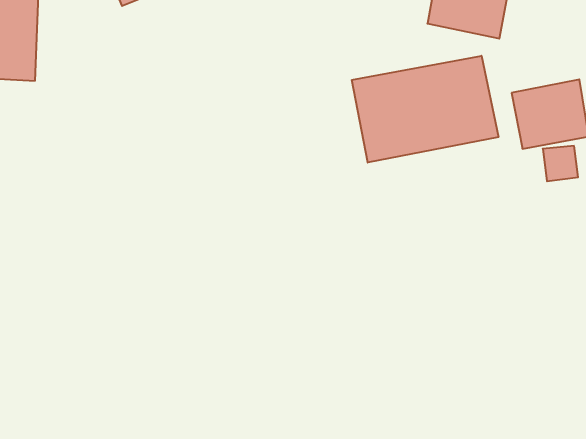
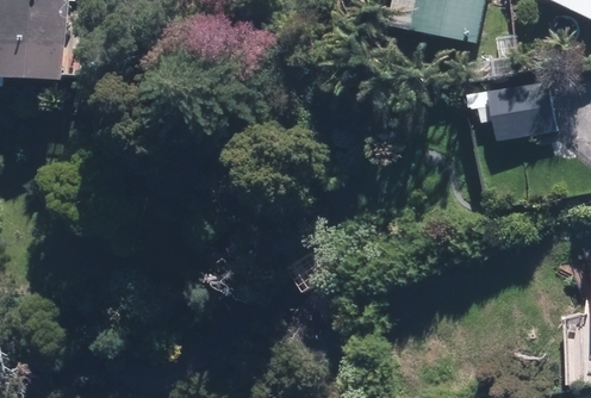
building: [352,56,498,163] -> none

